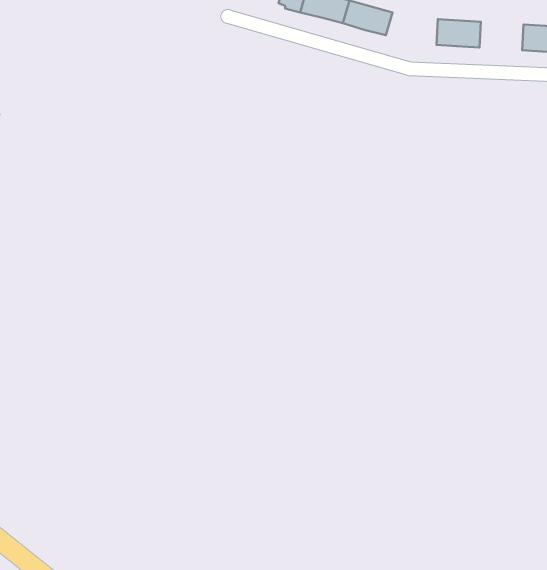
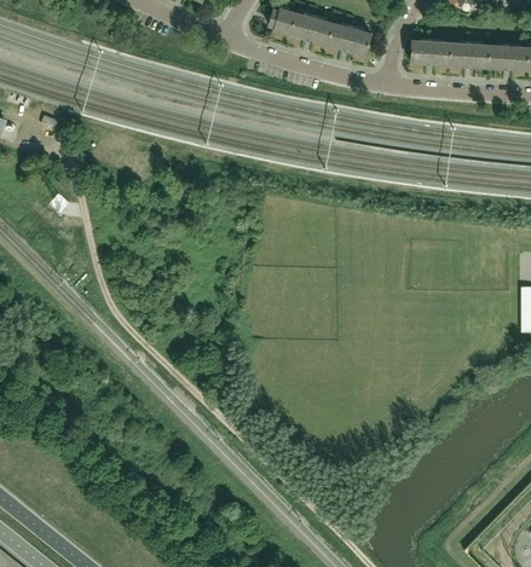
building: none -> [450,42,490,68]

